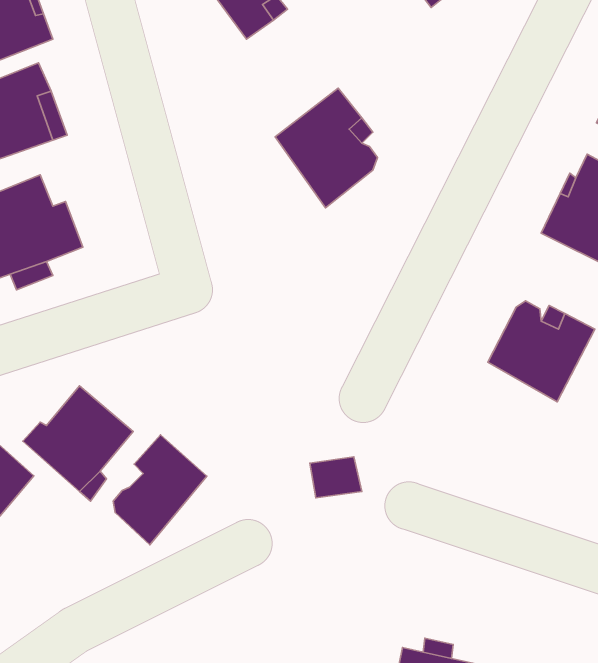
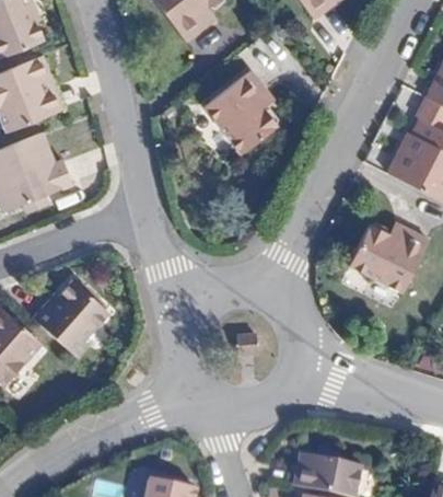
building: [113,435,207,545] -> none

